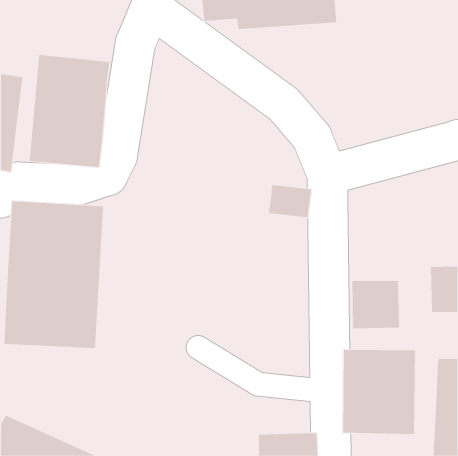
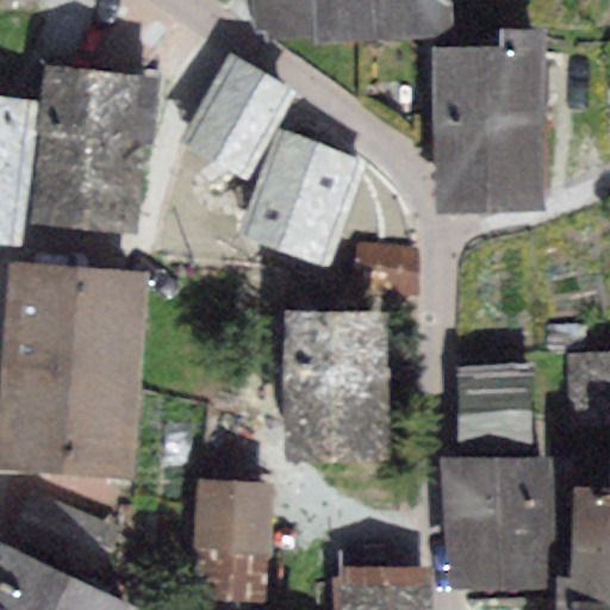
building: none -> [442,54,536,198]
building: none -> [198,62,284,162]
building: none -> [250,137,347,251]
building: none -> [295,317,380,452]
building: none -> [198,478,266,596]

